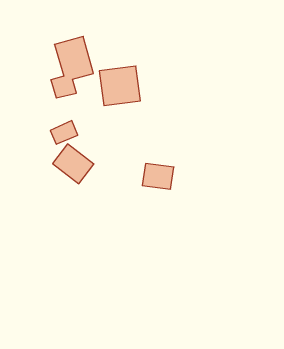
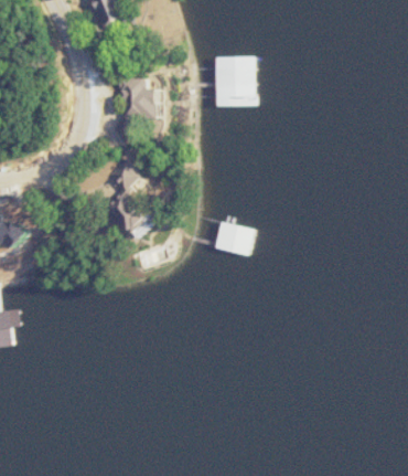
building: [99,66,140,106] -> [212,66,251,104]

